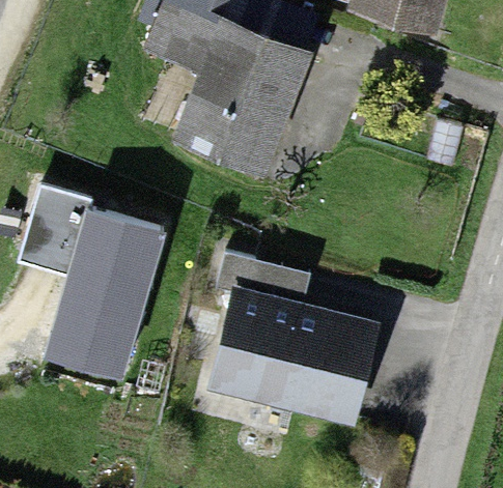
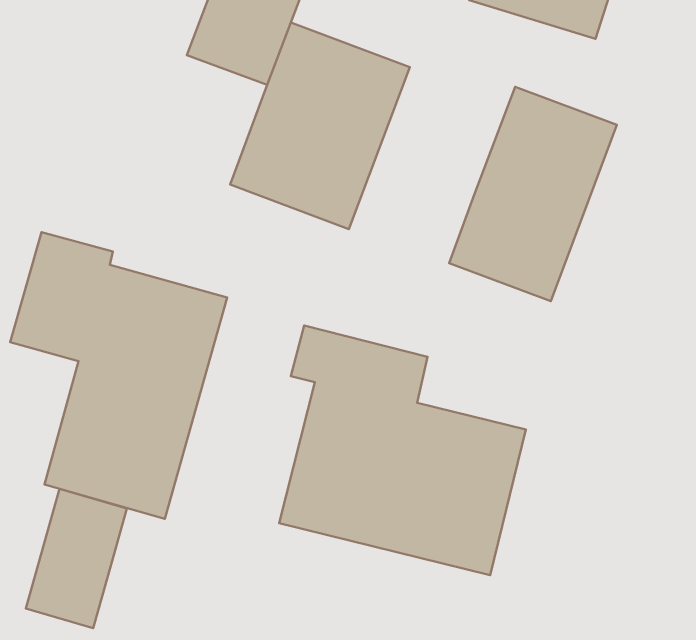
building: none -> [449,87,617,301]
building: none -> [26,489,127,628]

